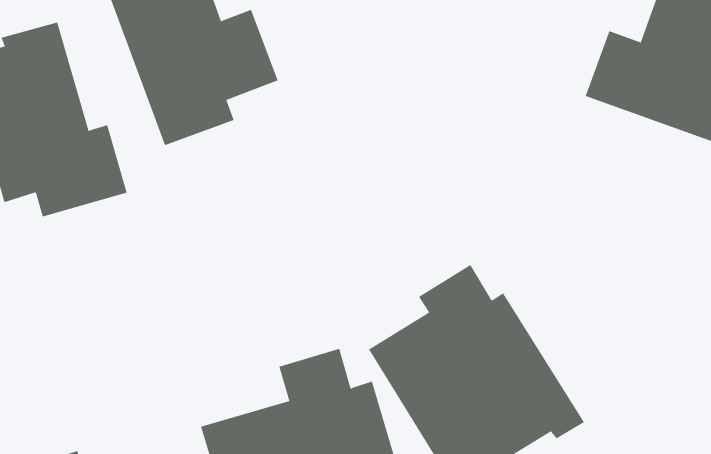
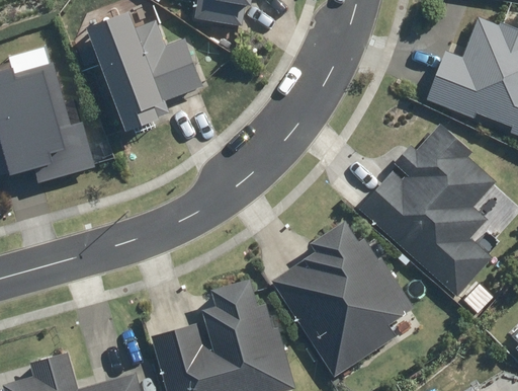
building: none -> [360,126,500,300]

